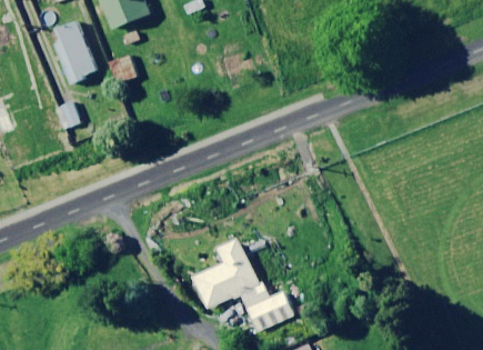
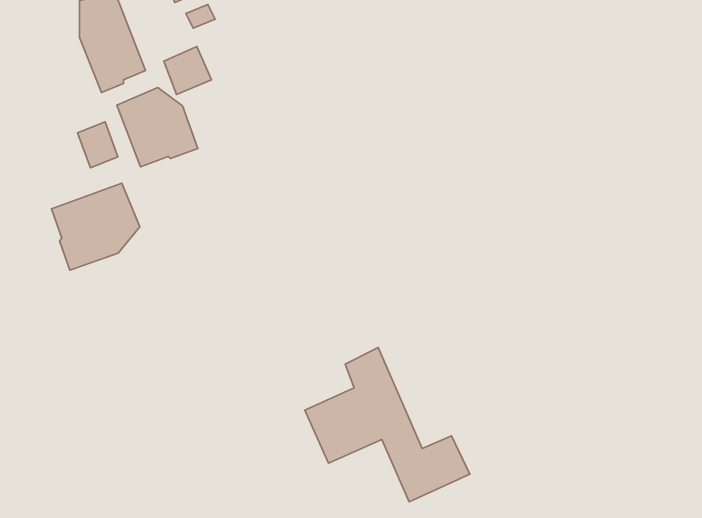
building: none -> [117,87,198,167]
building: none -> [52,183,140,270]

